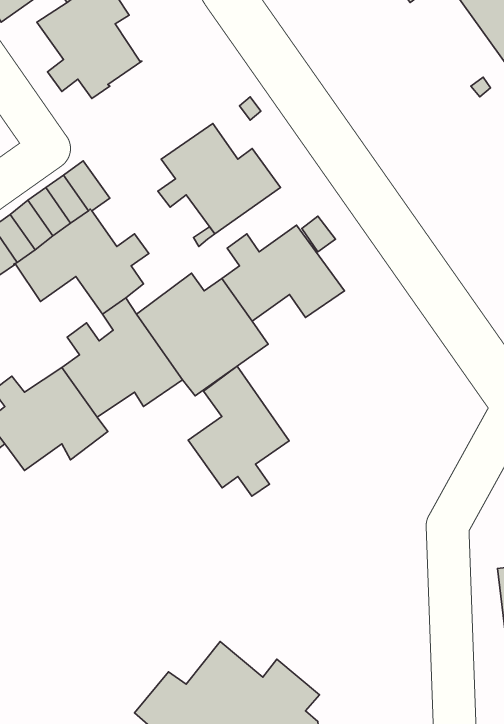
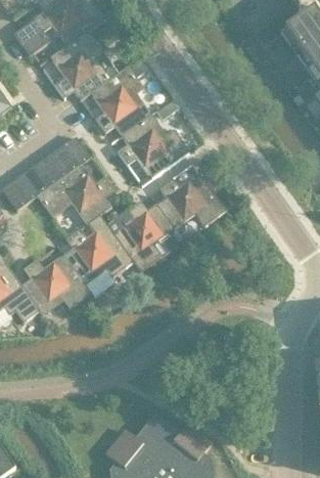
building: none -> [90,66,150,135]
building: [188,366,289,496] -> none

